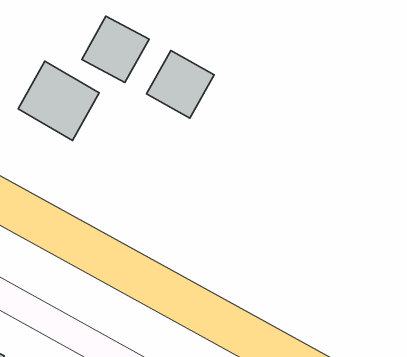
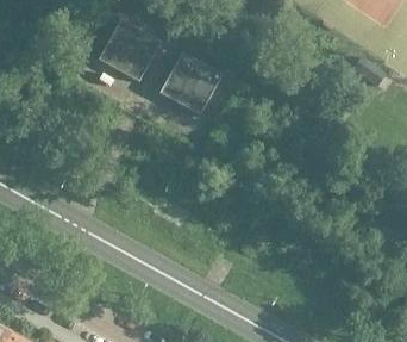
building: [18,61,99,141] -> none

